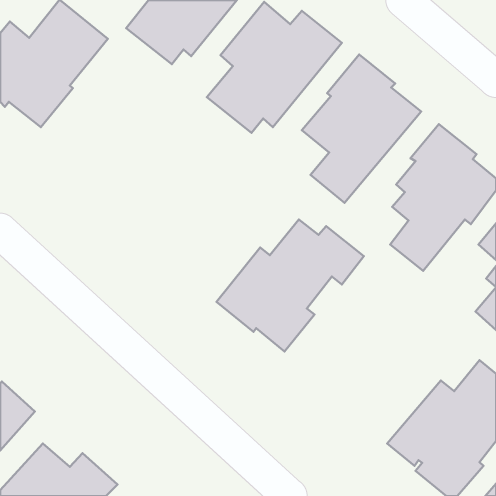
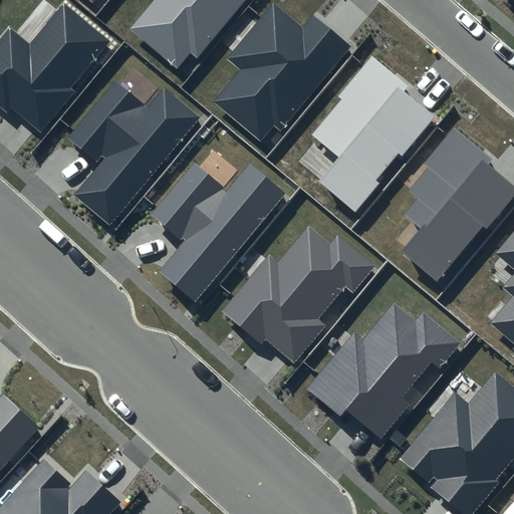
building: none -> [67,79,200,223]
building: none -> [152,162,286,302]
building: none -> [308,302,462,436]

